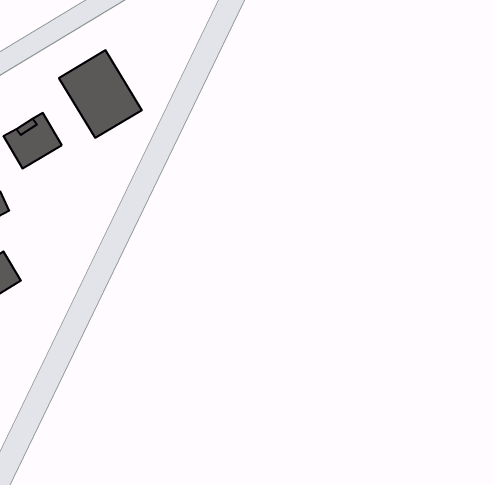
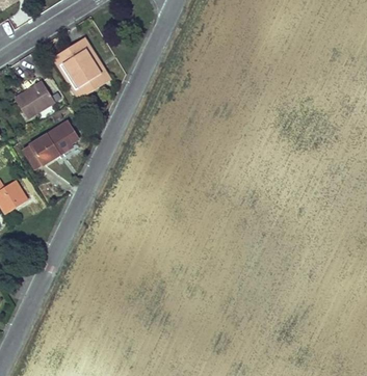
building: none -> [22,122,77,169]

